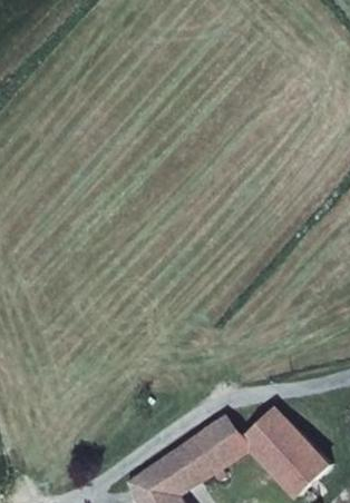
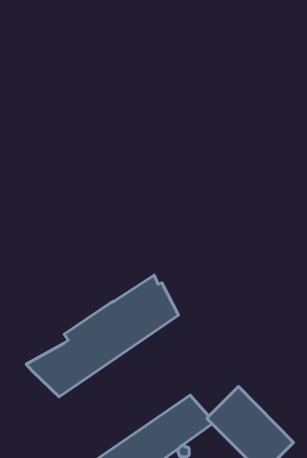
building: none -> [26,275,178,397]

